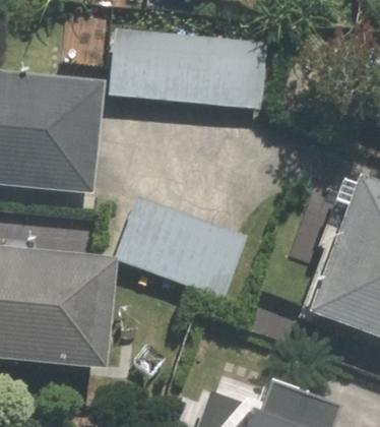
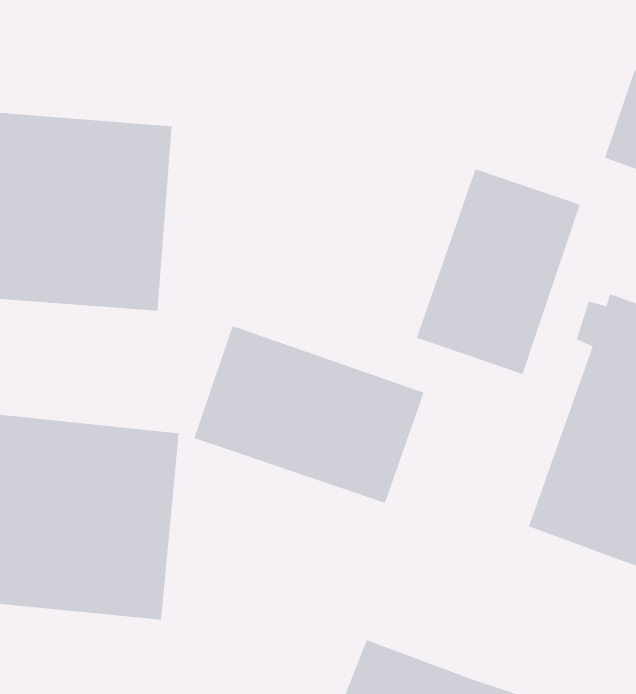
building: [111,26,268,105] -> none
building: none -> [416,168,581,375]

